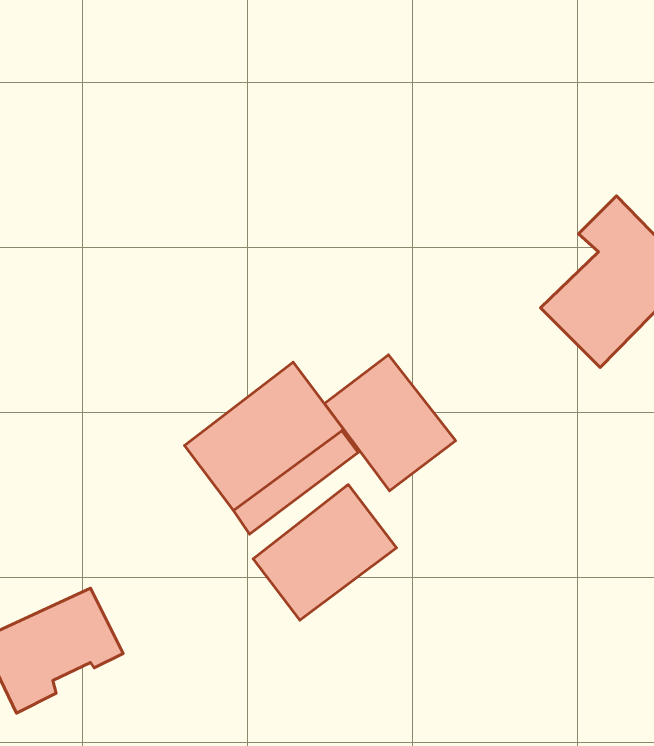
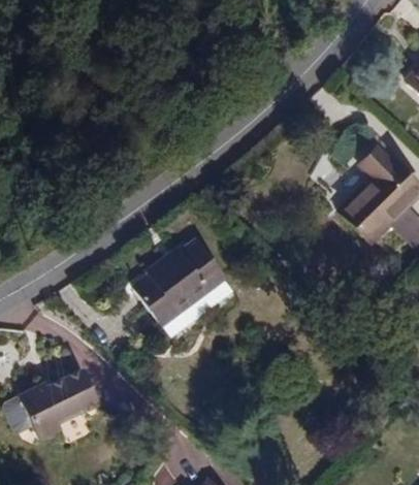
building: [325,355,456,491] -> none
building: [253,485,396,620] -> none

